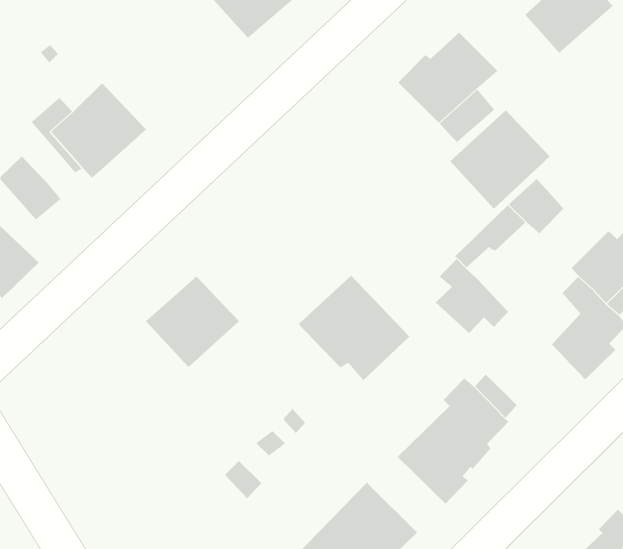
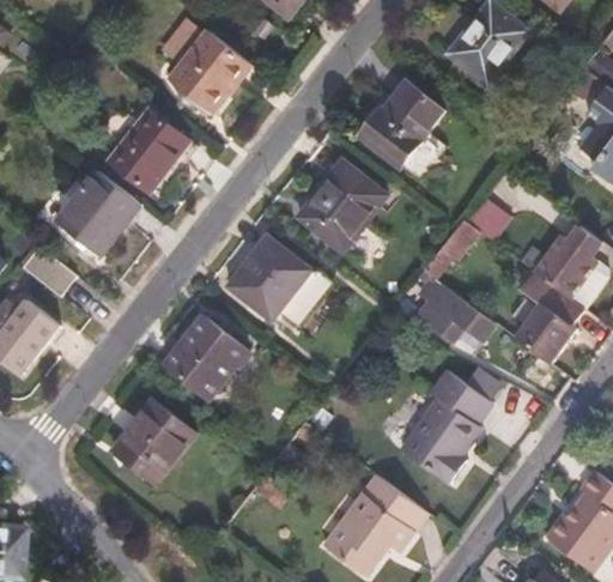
building: none -> [121,114,202,198]
building: [449,110,550,209] -> [299,163,386,250]
building: [298,275,410,381] -> [229,237,327,327]
building: none -> [110,402,193,484]

